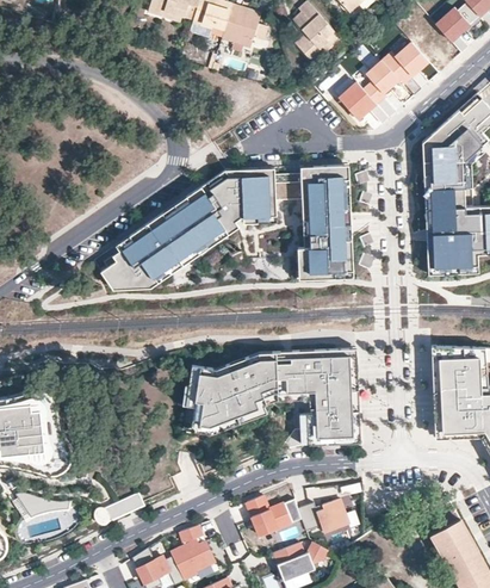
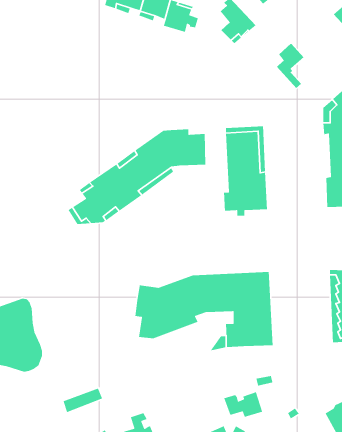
building: [384,43,428,95] -> none
building: [340,82,390,124] -> none
building: [246,496,292,537] -> none

